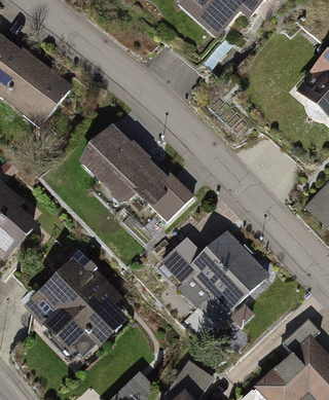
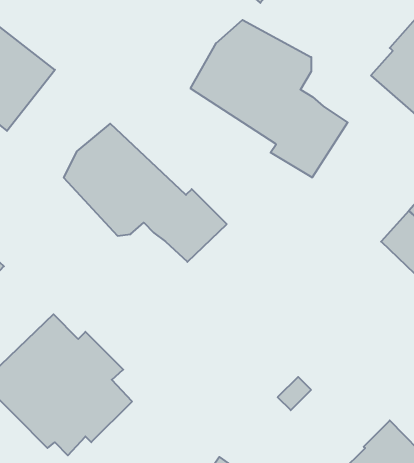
building: none -> [191,20,348,178]
building: [160,229,269,314] -> none

